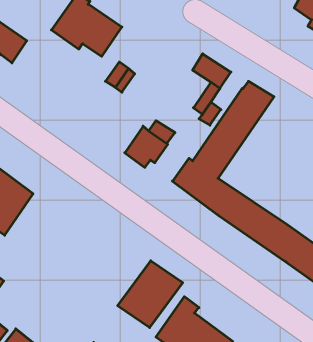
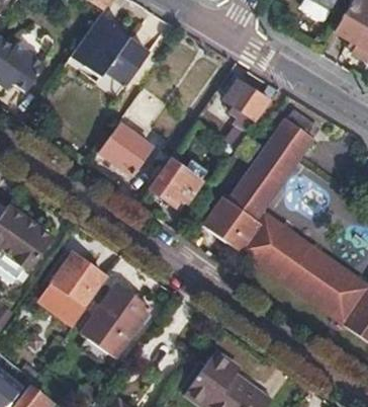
building: none -> [99,124,151,173]
building: none -> [43,254,105,321]
building: [118,261,183,328] -> [80,282,152,356]

